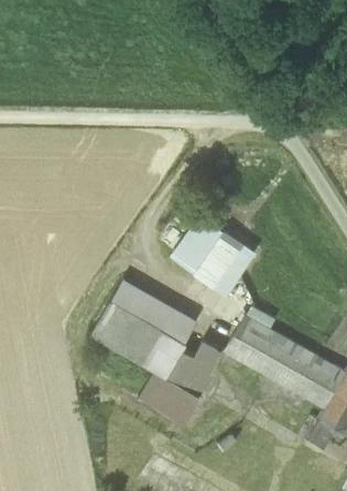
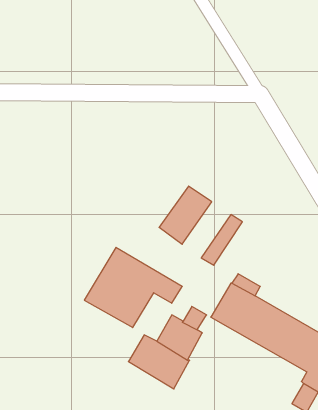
building: [194,232,245,291] -> none
building: [142,327,183,378] -> none

